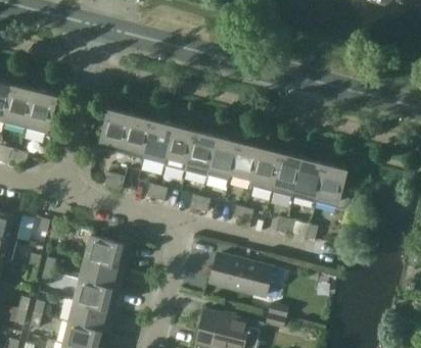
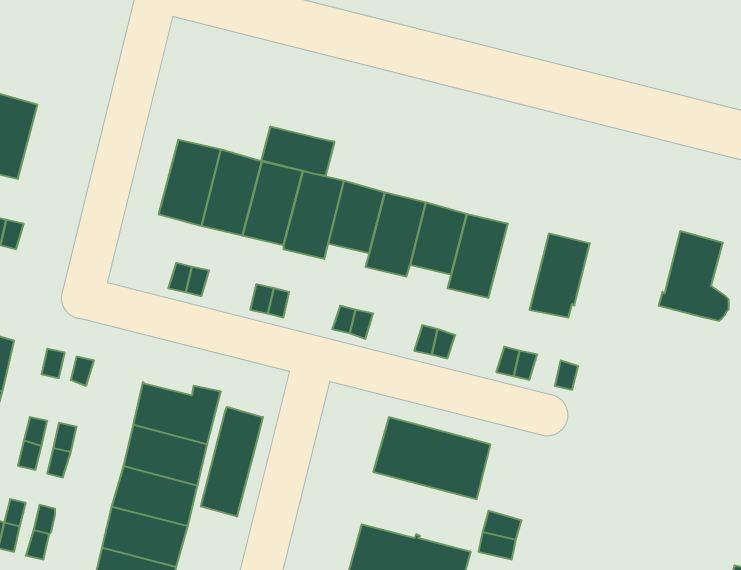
building: [25,90,57,134] -> none
building: none -> [261,126,334,176]
building: [271,152,302,197] -> none
building: [313,162,349,209] -> [659,231,729,321]
building: none -> [201,407,263,517]

